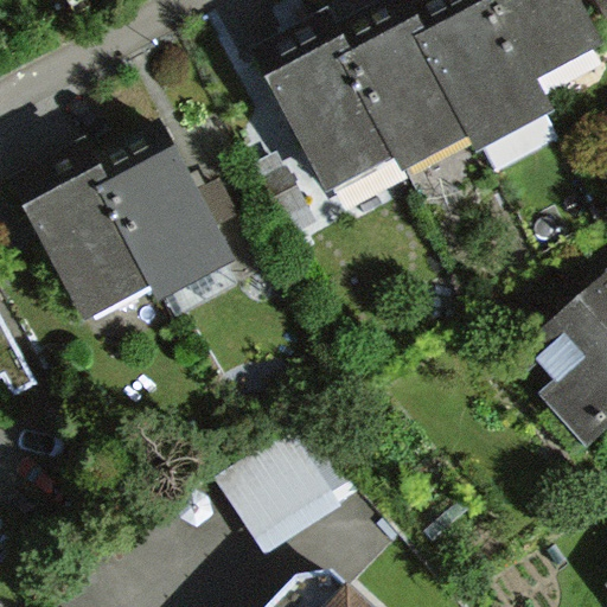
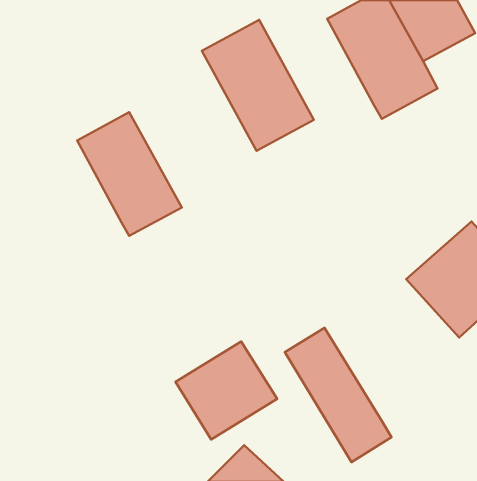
building: [345,14,477,170] -> none
building: [18,155,159,320] -> none
building: none -> [285,328,391,462]

